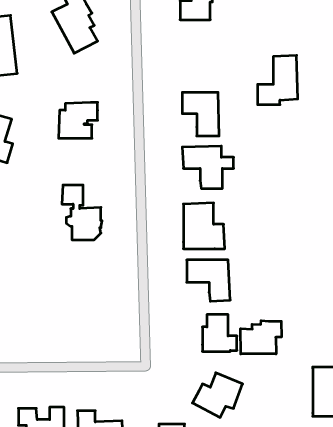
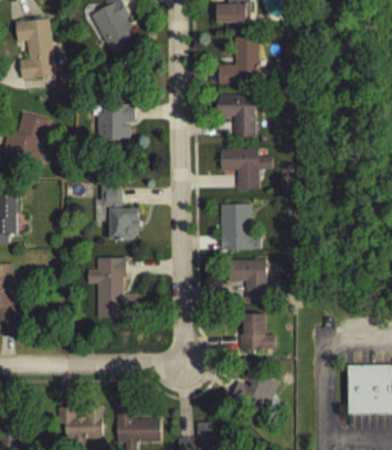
building: [258,55,298,105] -> [219,35,258,84]
building: none -> [88,256,137,317]
building: [241,321,281,354] -> none

